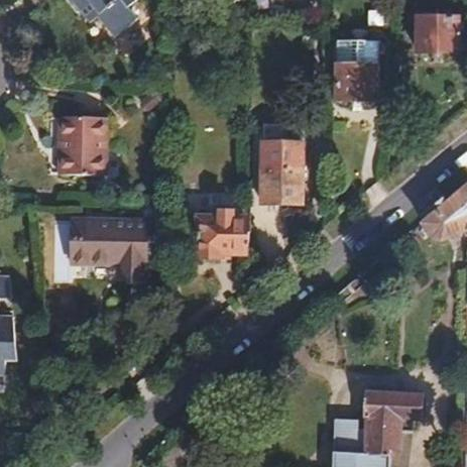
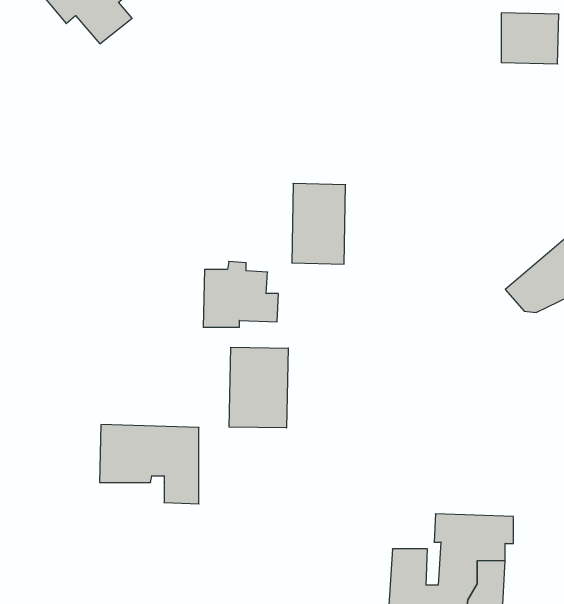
building: [335,44,378,99] -> none
building: [51,116,98,174] -> none
building: [72,220,146,279] -> [100,425,199,504]
building: none -> [229,347,288,428]

